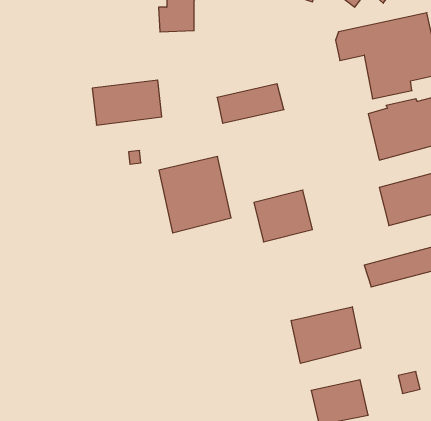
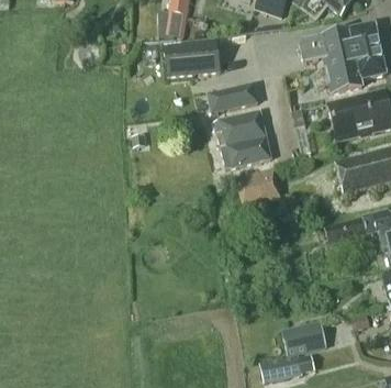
building: [92,80,162,125] -> [164,41,220,77]
building: [159,157,231,233] -> [213,108,271,169]
building: [291,307,361,363] -> none

